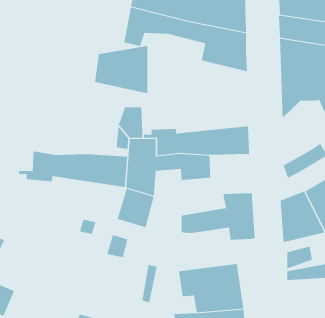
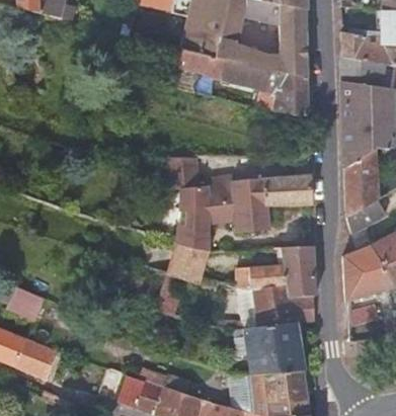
building: [95,45,148,94] -> none
building: none -> [344,148,379,217]
building: [19,151,128,188] -> none
building: none -> [216,283,314,331]

